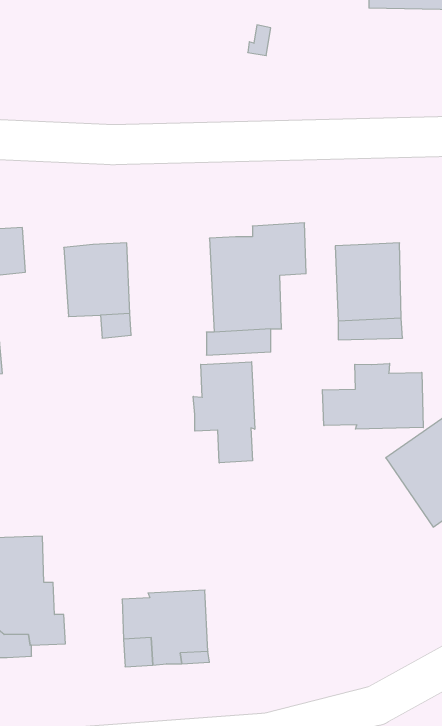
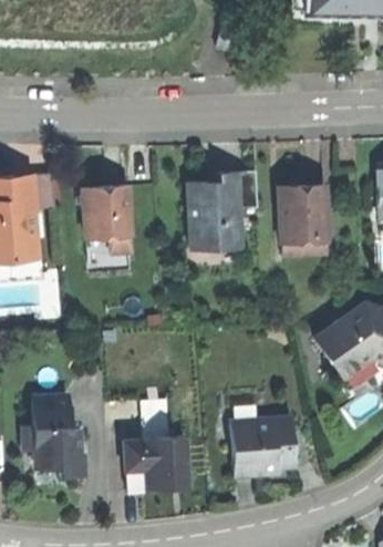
building: [193,362,255,463] -> none
building: [322,363,423,429] -> none
building: none -> [230,417,294,473]

